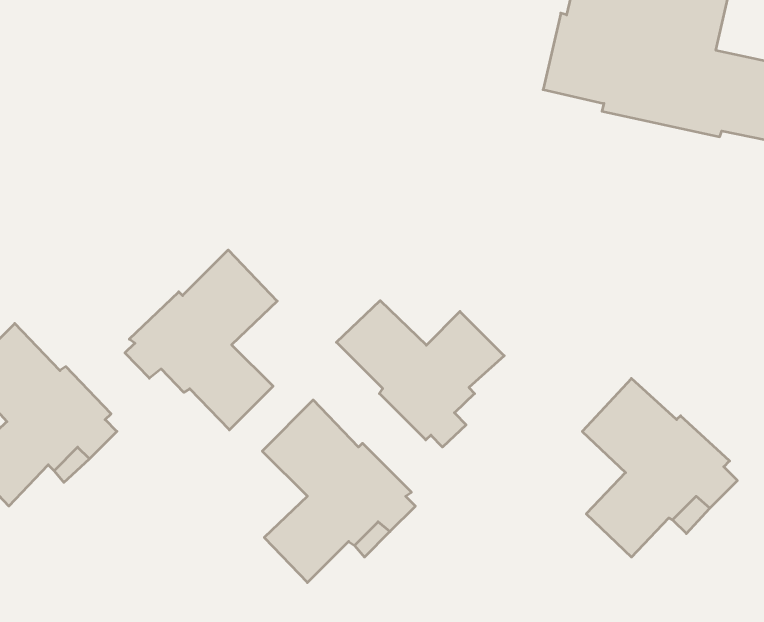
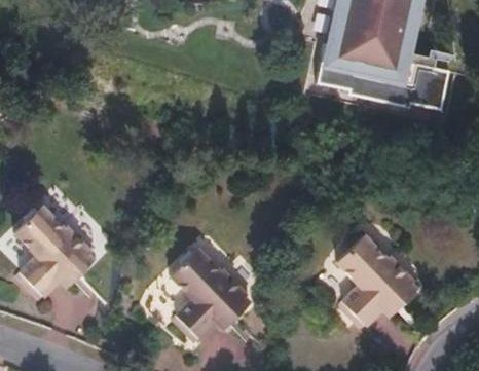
building: [125,250,277,430] -> none
building: [336,301,504,447] -> none

